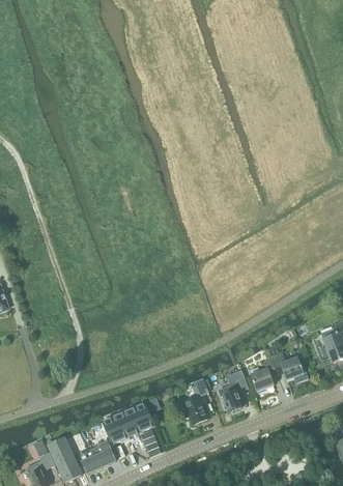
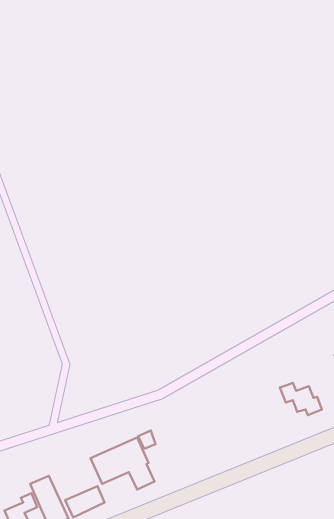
building: [251,350,277,391] -> none
building: [219,370,248,411] -> none
building: [182,377,209,424] -> none

